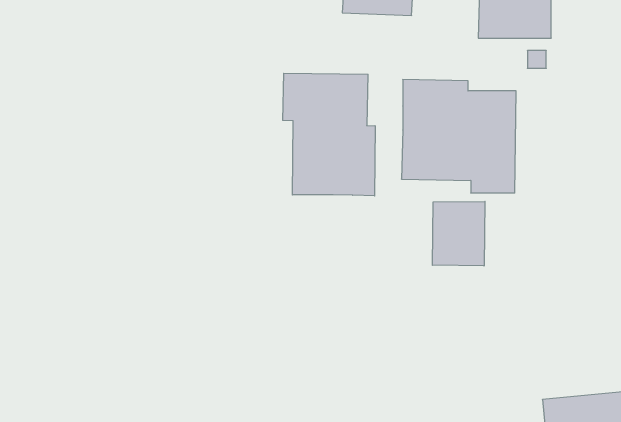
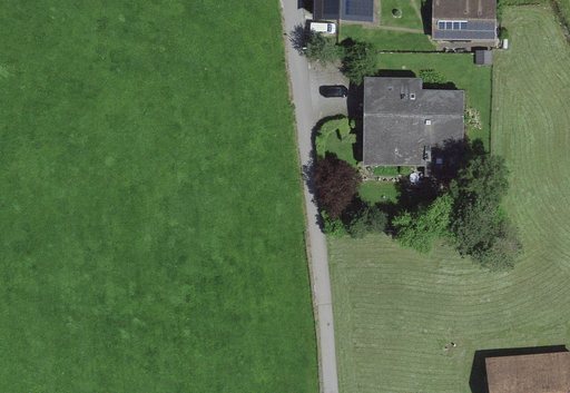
building: [283,73,375,196] -> none
building: [432,201,485,266] -> none

